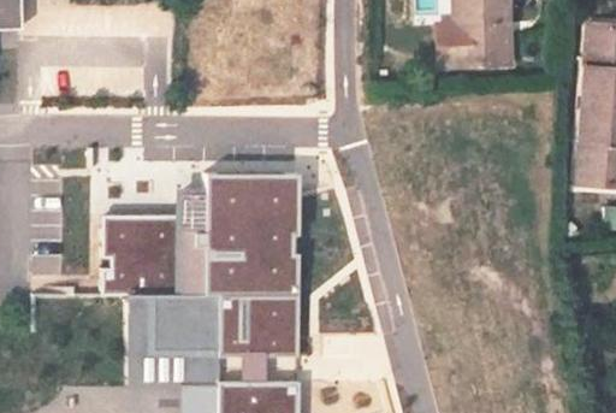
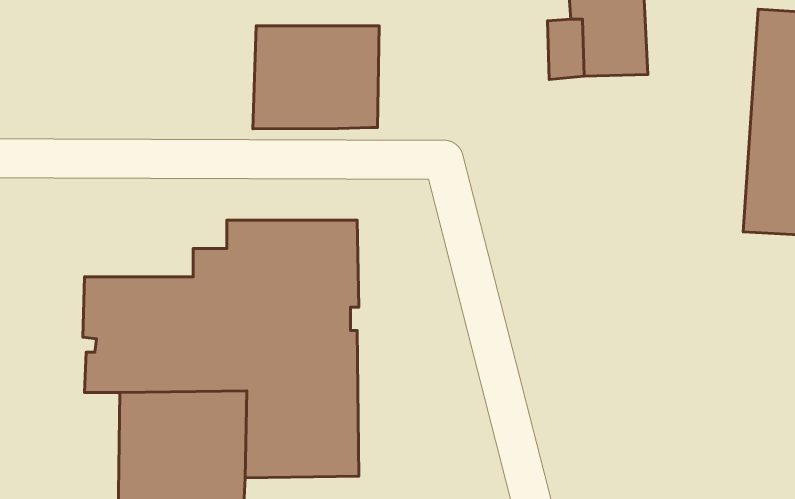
building: none -> [253,26,379,129]

